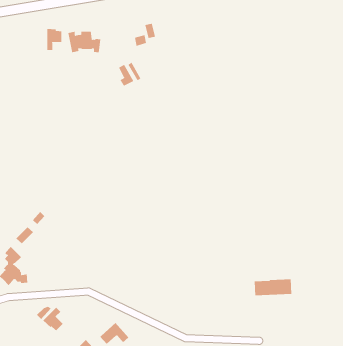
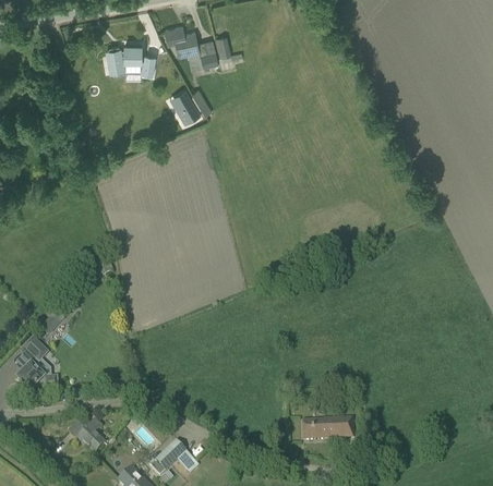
building: none -> [164,25,199,54]
building: [47,28,62,51] -> none
building: [254,279,292,296] -> [301,416,353,439]

